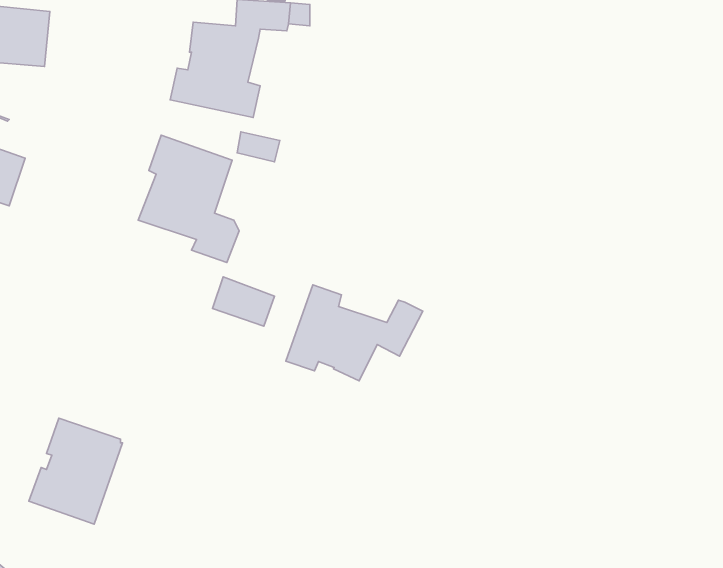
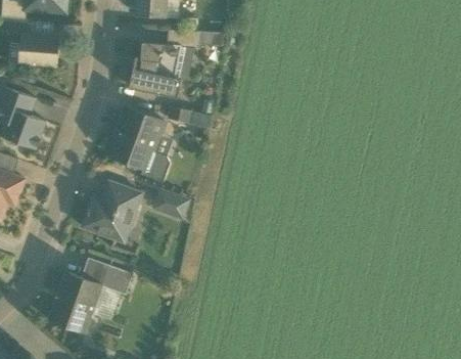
building: none -> [81,181,141,238]
building: [286,285,423,381] -> none
building: none -> [100,264,132,294]

